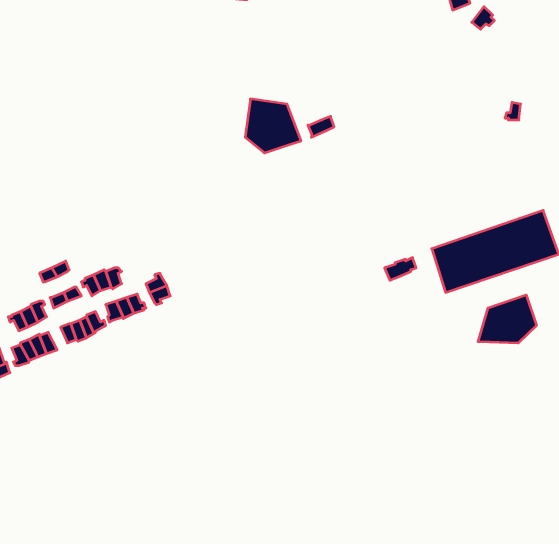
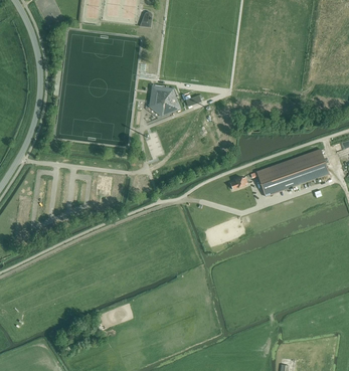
building: [478,295,536,343] -> none

